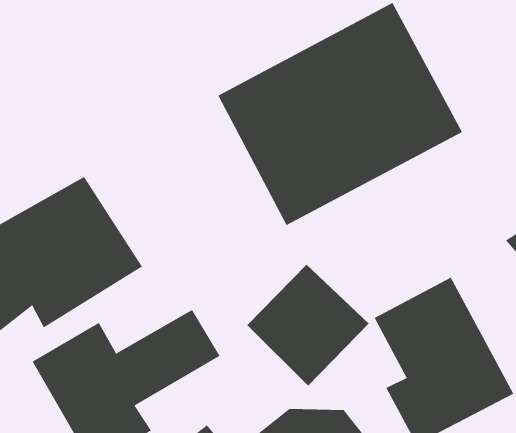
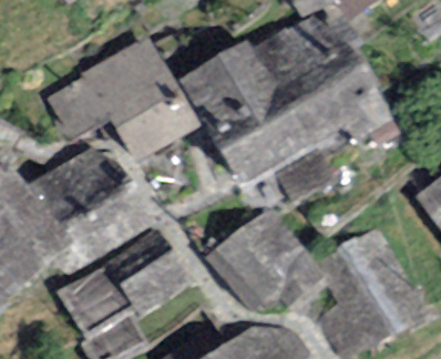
building: none -> [47,34,186,152]

